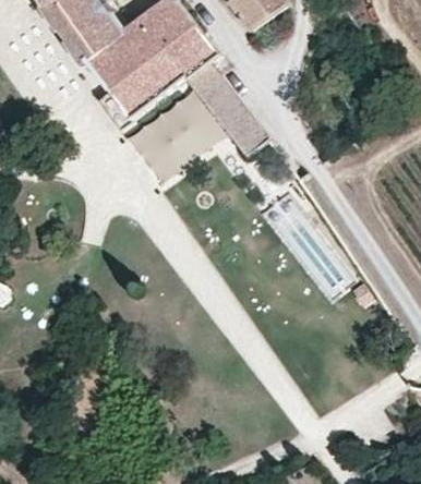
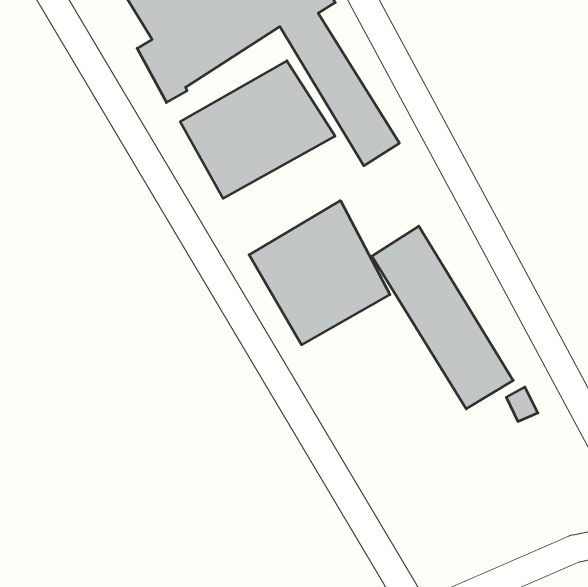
building: none -> [249,201,390,345]

